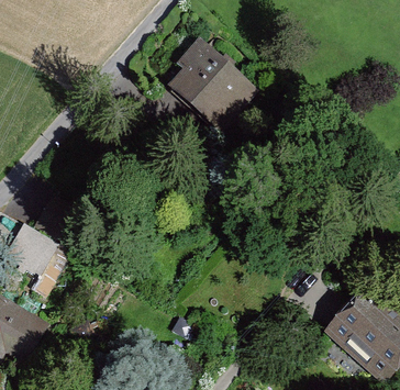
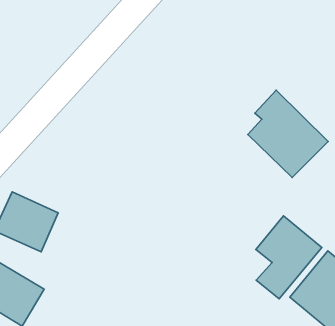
building: [168,37,256,133] -> [248,90,328,178]
building: none -> [256,216,322,299]

